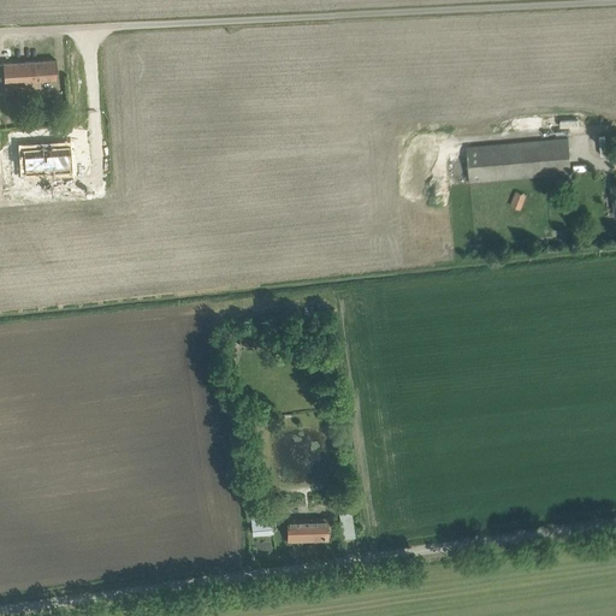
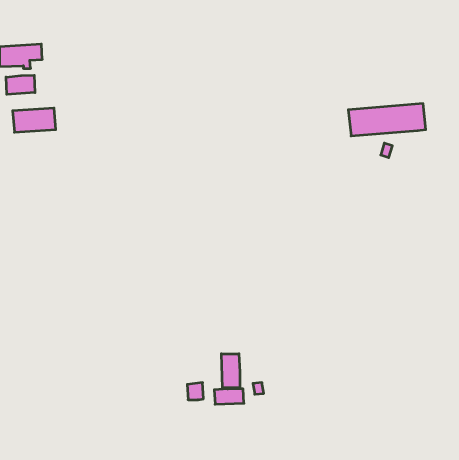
building: none -> [6,75,35,94]
building: none -> [221,354,240,388]

